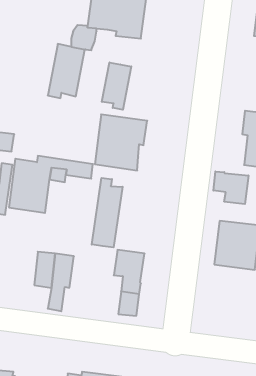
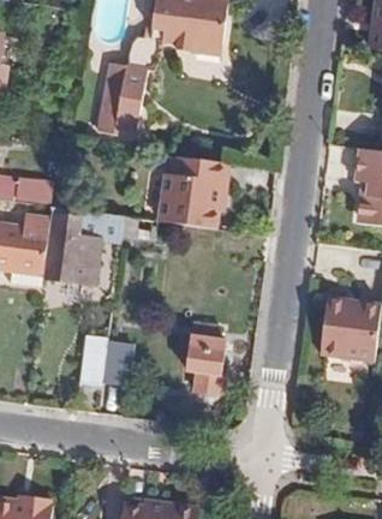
building: [102,62,131,110] -> none
building: [213,171,248,204] -> none
building: [92,178,123,247] -> none

